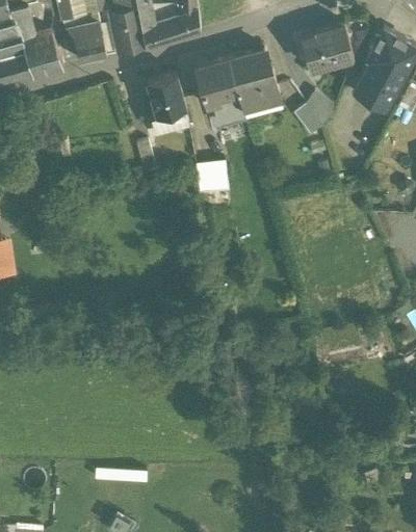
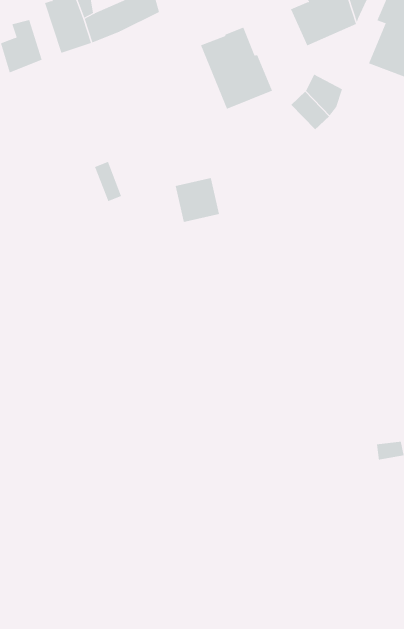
building: [196,60,244,124] -> none
building: [148,75,187,129] -> none

